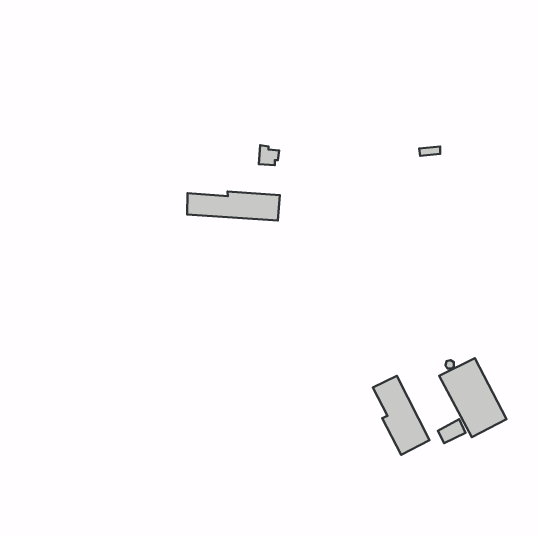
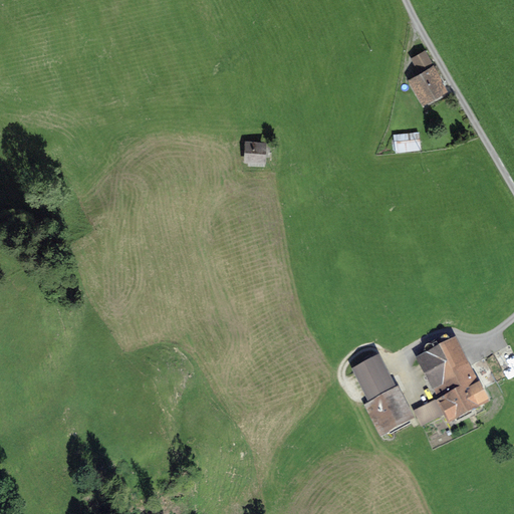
building: none -> [412,49,443,97]
building: [187,192,280,221] -> none

